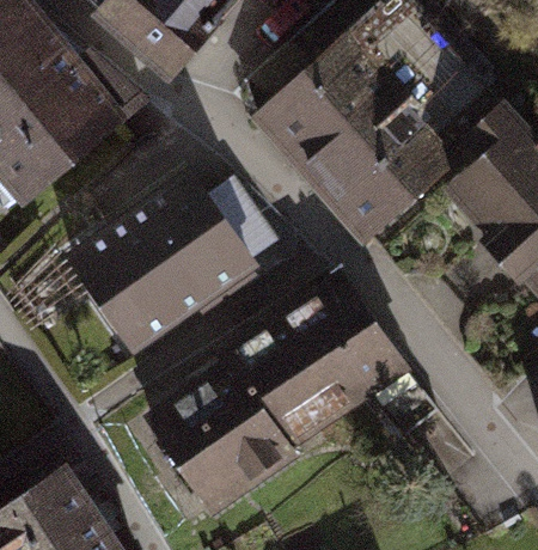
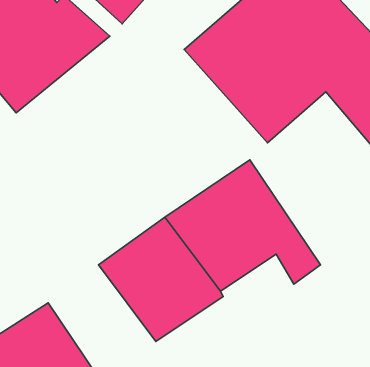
building: [60,164,259,359] -> none

